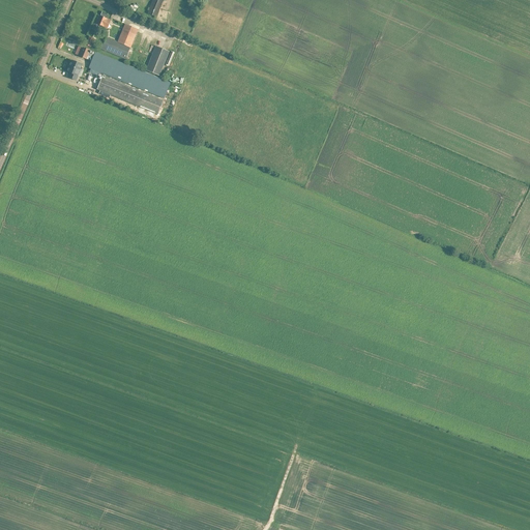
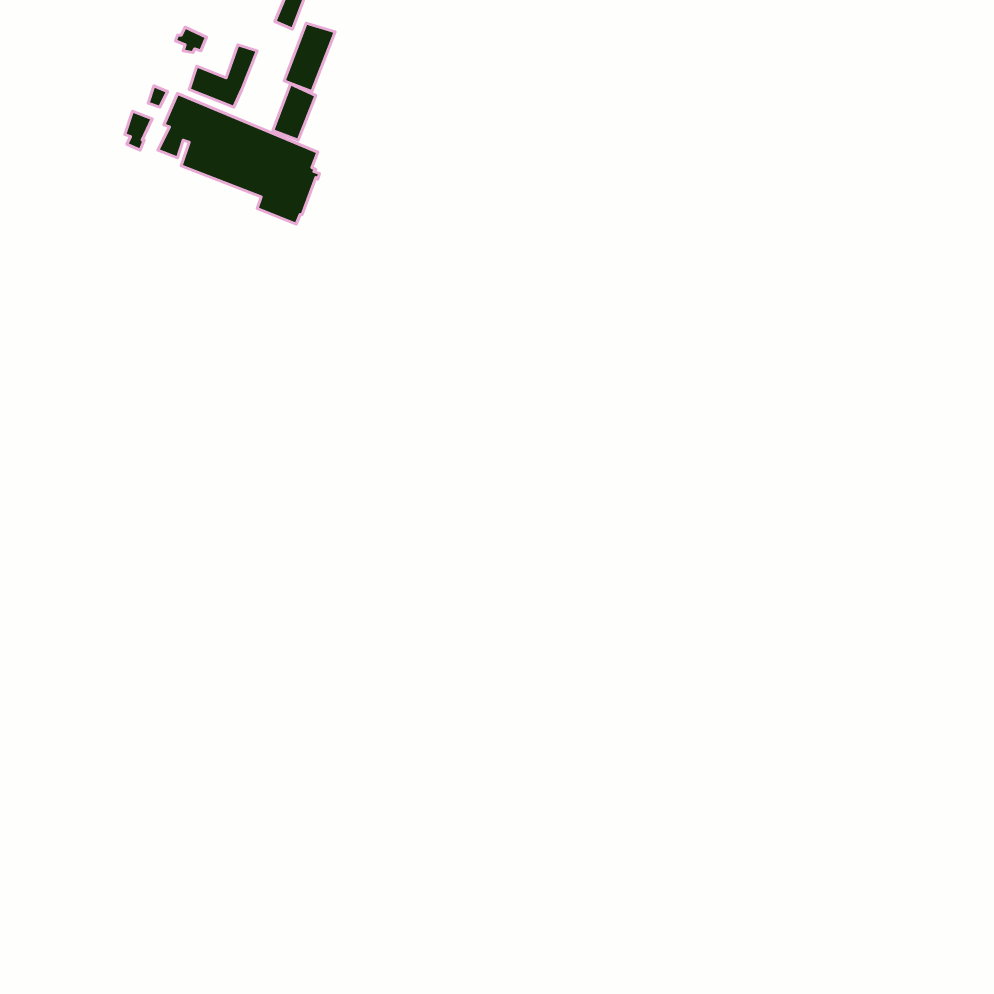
building: none -> [284,23,335,92]

